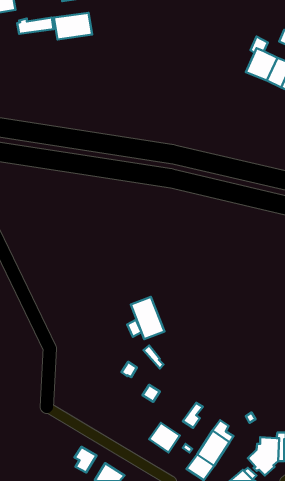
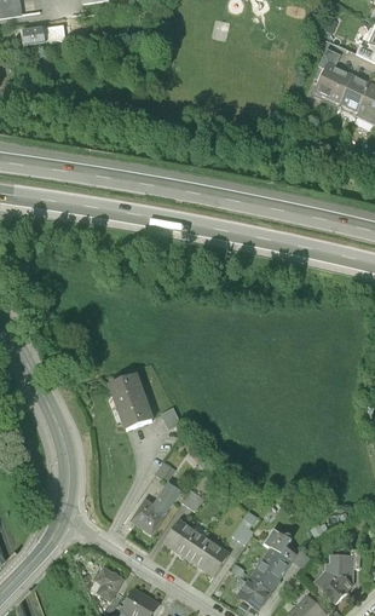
building: [54,13,92,39] -> none
building: [131,297,164,339] -> [109,375,151,428]
building: none -> [134,483,180,534]
building: none -> [165,520,204,558]

